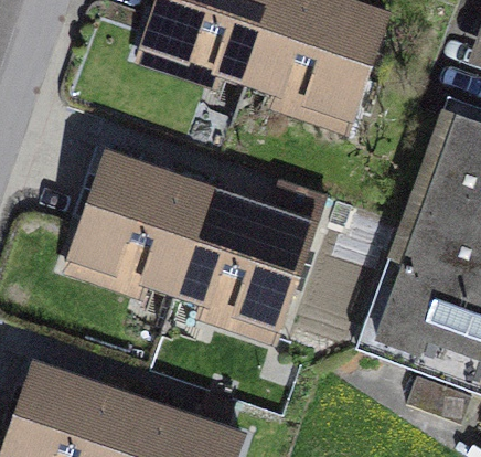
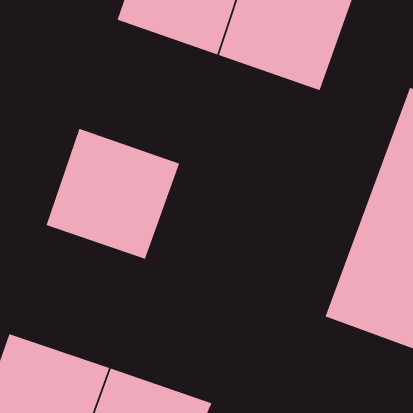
building: [178,192,319,328] -> none

